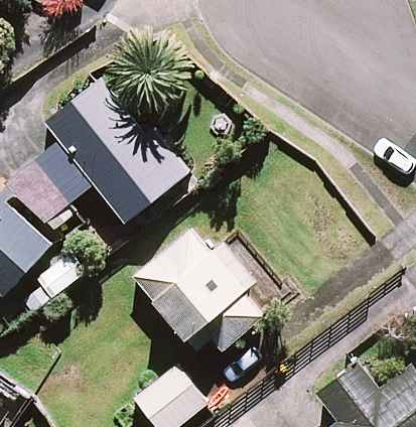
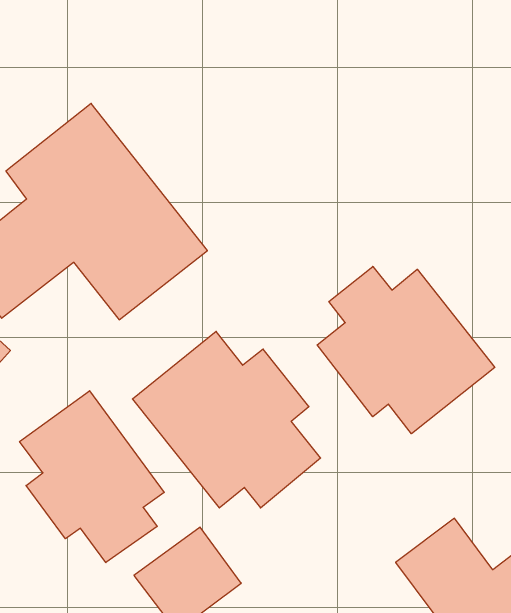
building: none -> [317,266,495,434]
building: none -> [20,391,164,563]

